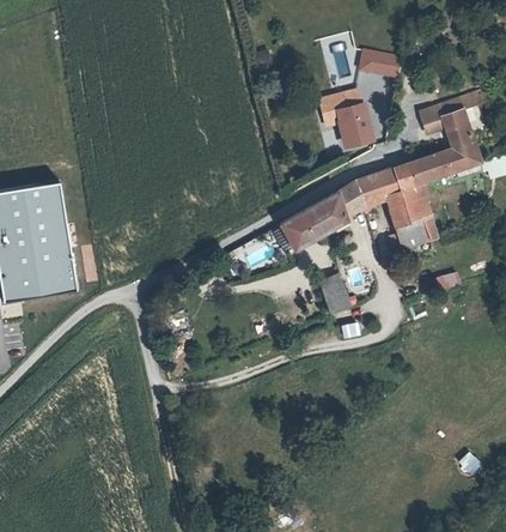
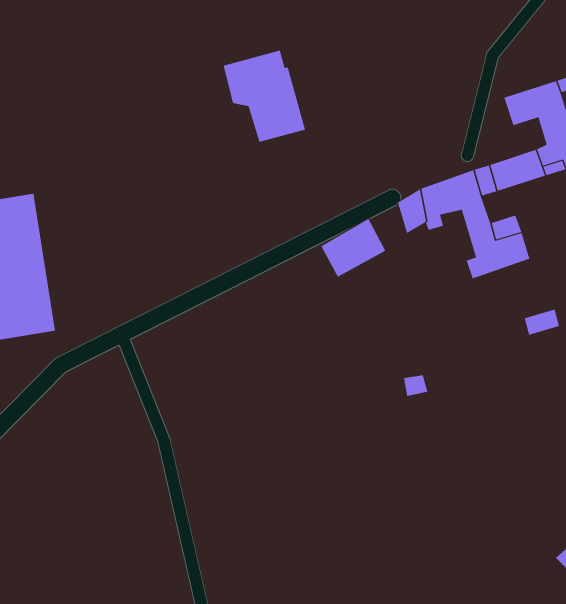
building: [359,48,402,78] -> none
building: [319,86,383,157] -> [223,50,306,142]
building: [316,191,345,228] -> none
building: [321,272,352,312] -> none

